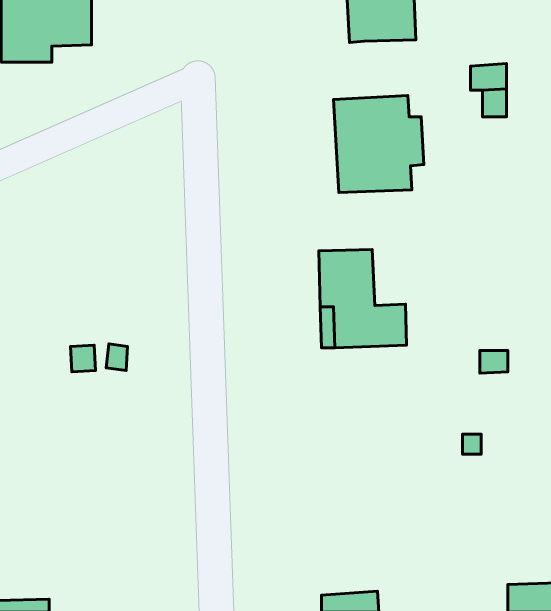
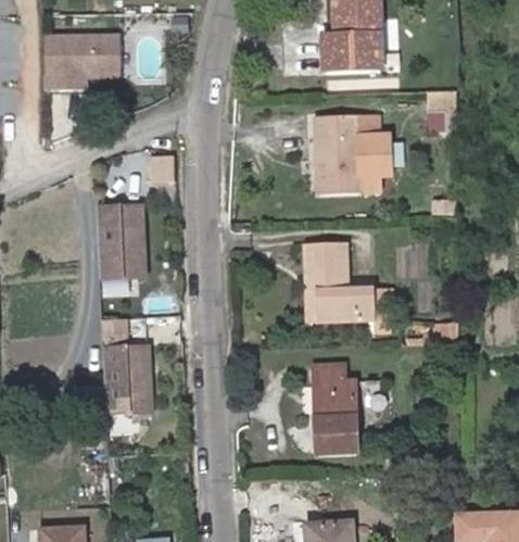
building: none -> [97,204,144,278]
building: none -> [103,345,151,412]
building: none -> [315,364,358,452]

